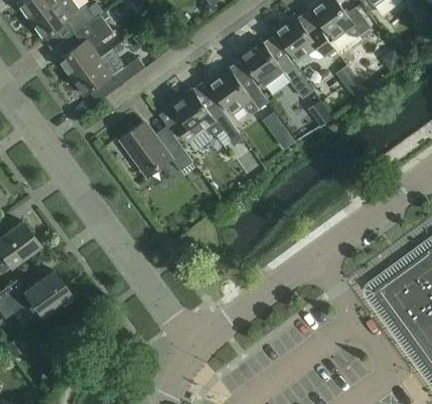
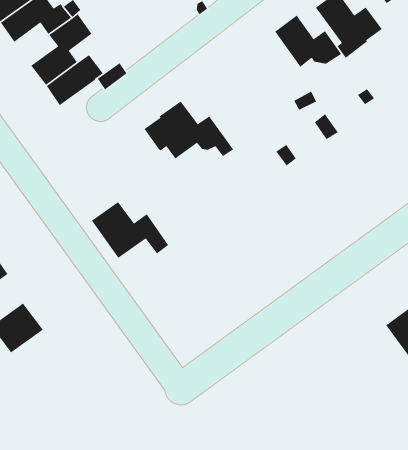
building: [240,41,300,92] -> none
building: [208,69,268,116] -> none
building: [122,124,191,175] -> [91,201,169,259]

